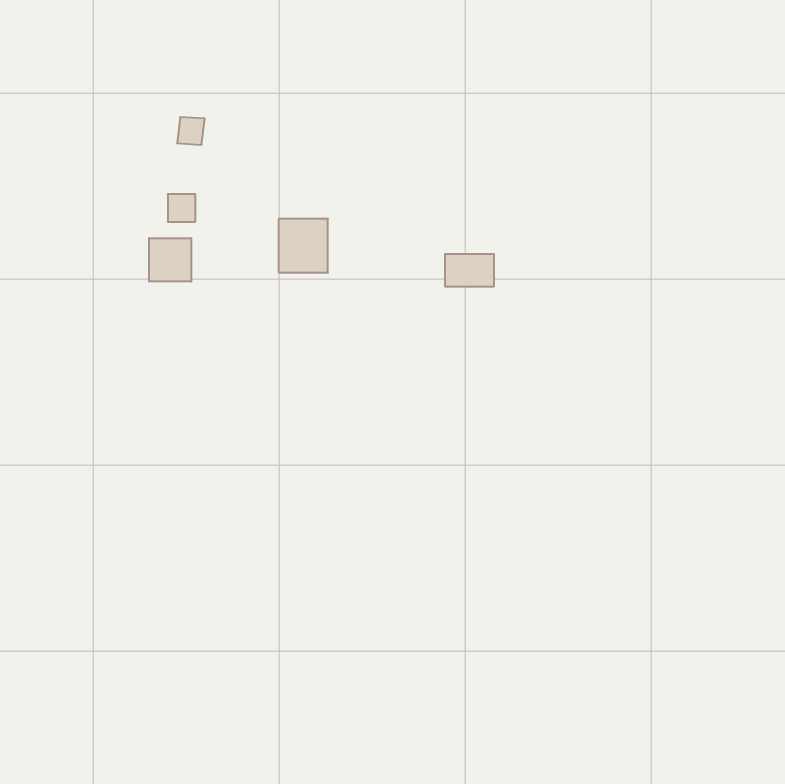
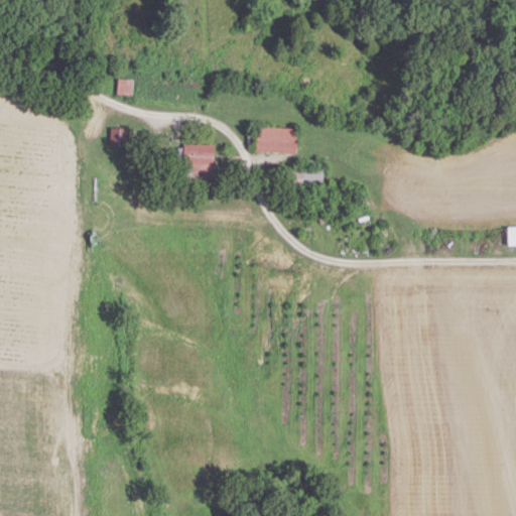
building: none -> [256,128,297,153]
building: [149,238,191,282] -> none

